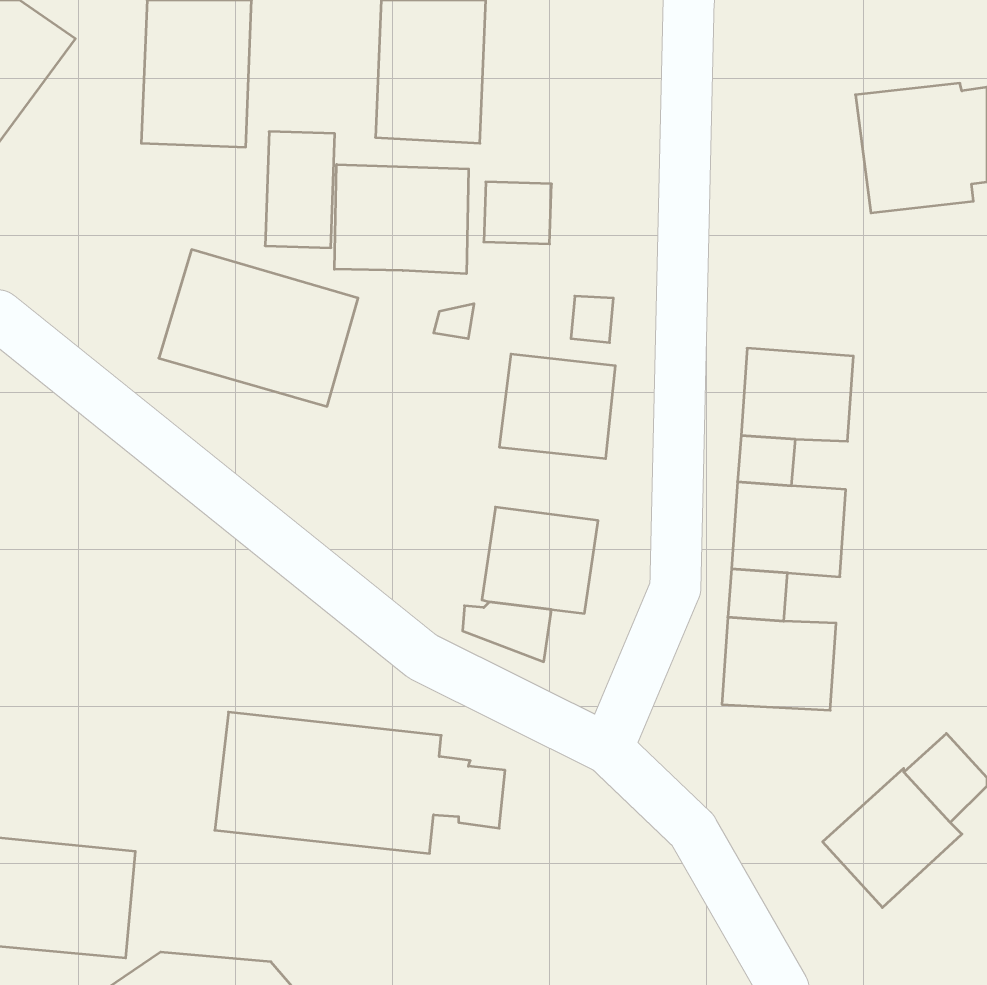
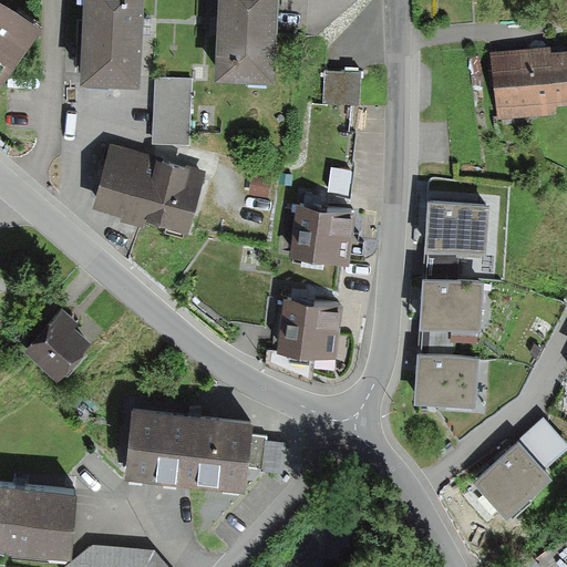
building: [334,164,469,274] -> none
building: [484,182,552,244] -> [322,73,361,109]
building: none -> [17,306,92,379]

